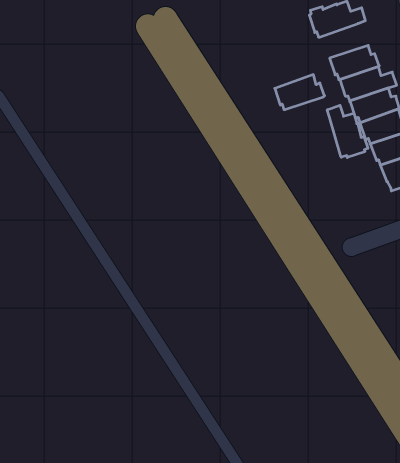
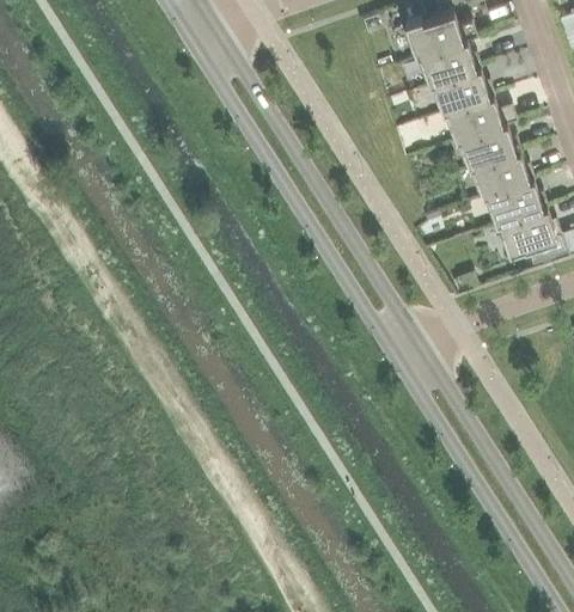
building: [275,75,325,110] -> [415,38,480,84]
building: [327,105,368,158] -> none

